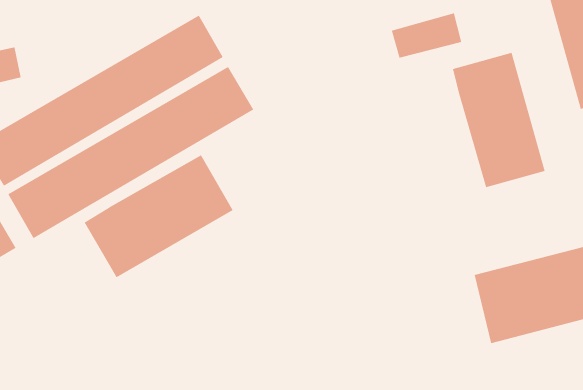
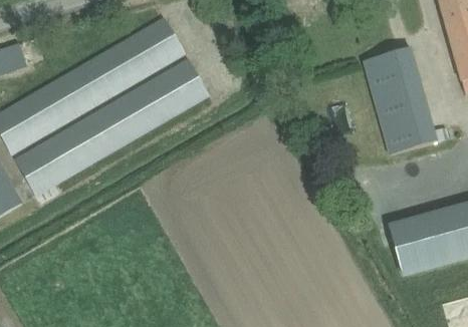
building: [391,12,462,59] -> none
building: [84,154,234,278] -> none

